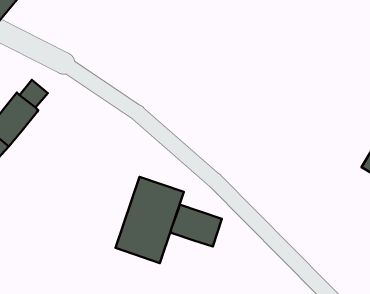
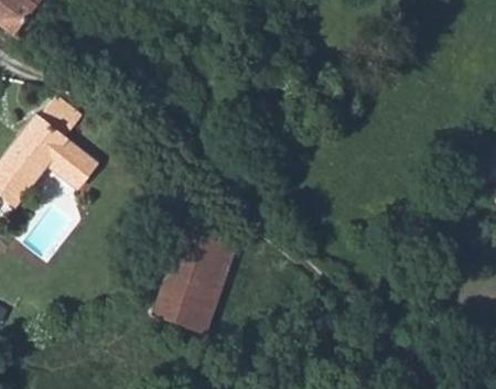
building: none -> [43,142,89,188]
building: [171,204,222,247] -> none

